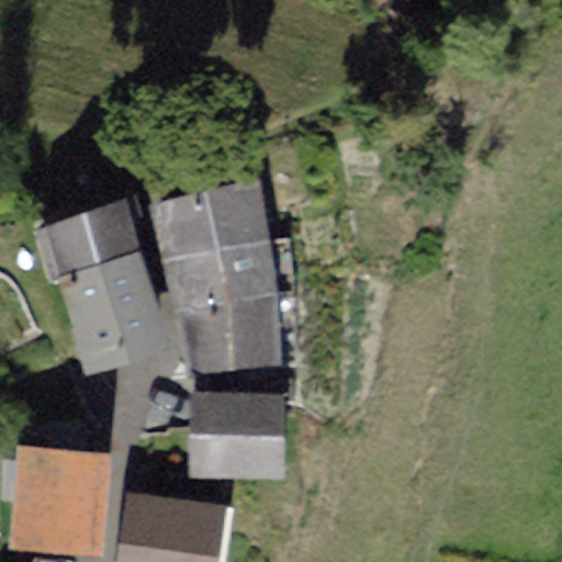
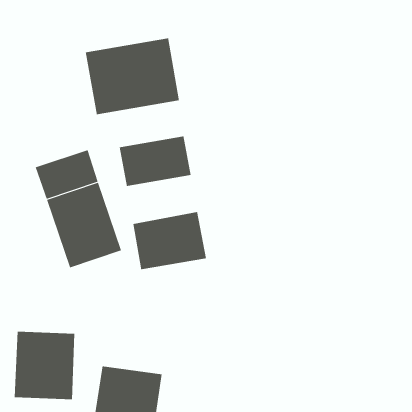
building: none -> [85,38,180,115]
building: [172,239,270,305] -> none
building: [199,394,281,469] -> none

